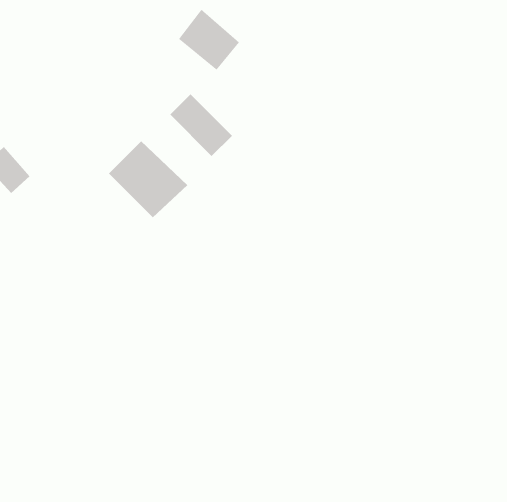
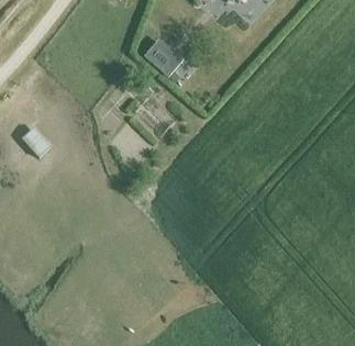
building: [108,141,188,218] -> none

